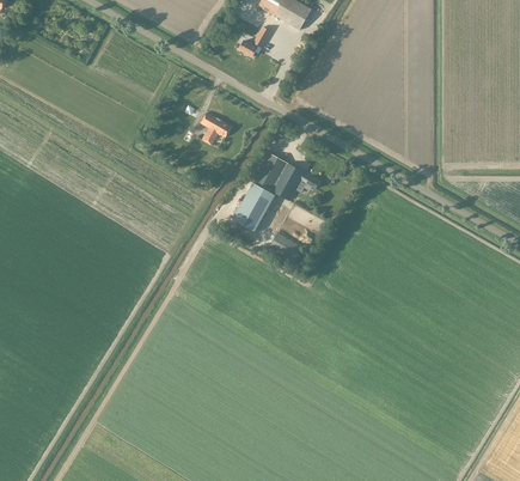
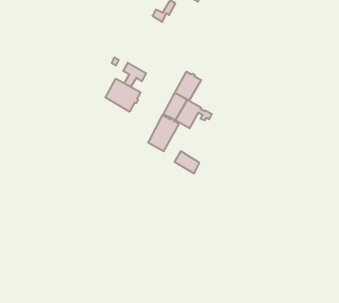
building: none -> [175,72,201,101]
building: none -> [105,79,141,112]

